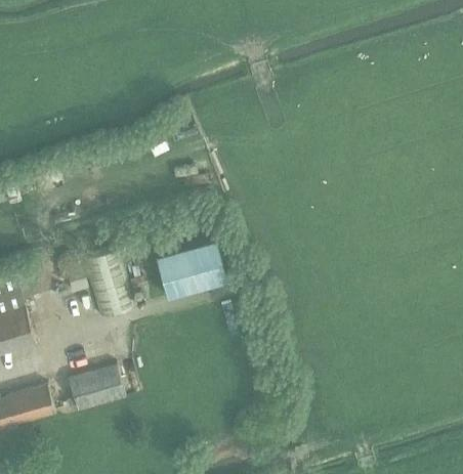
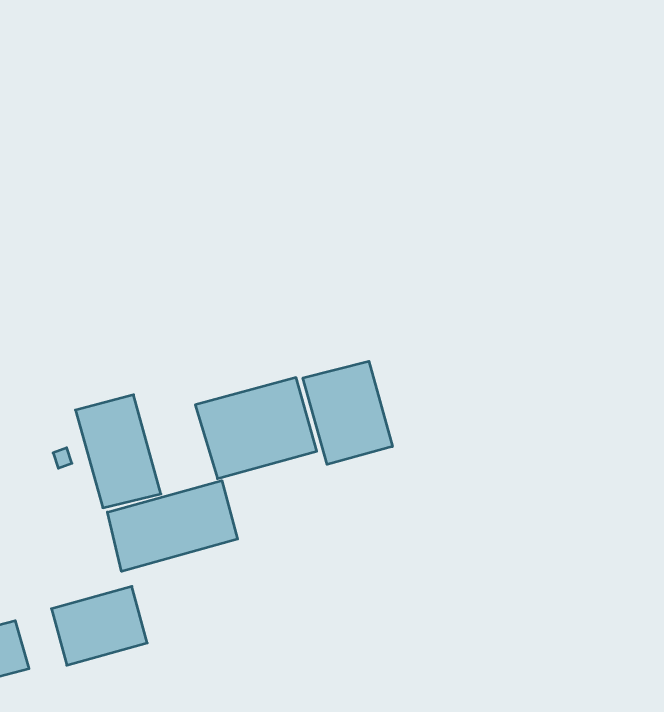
building: none -> [303,361,392,464]
building: none -> [107,481,238,571]

